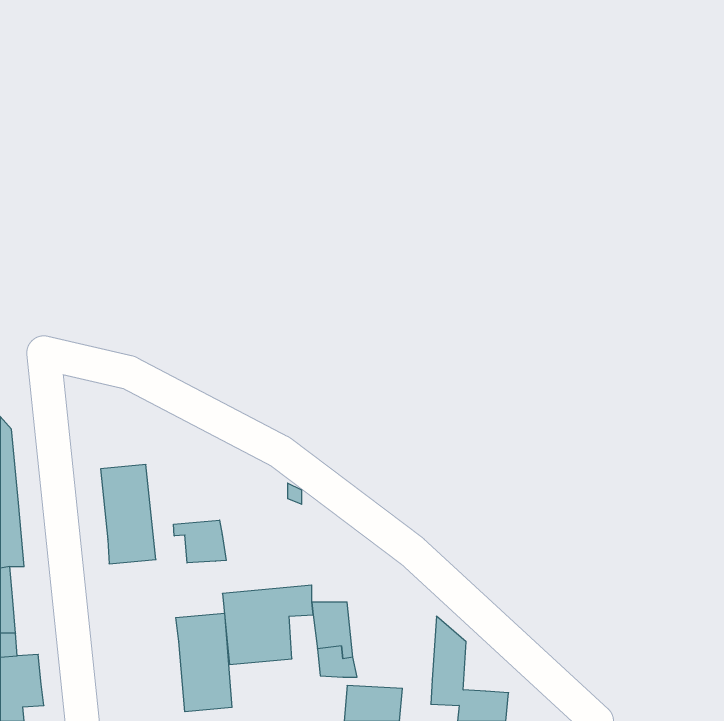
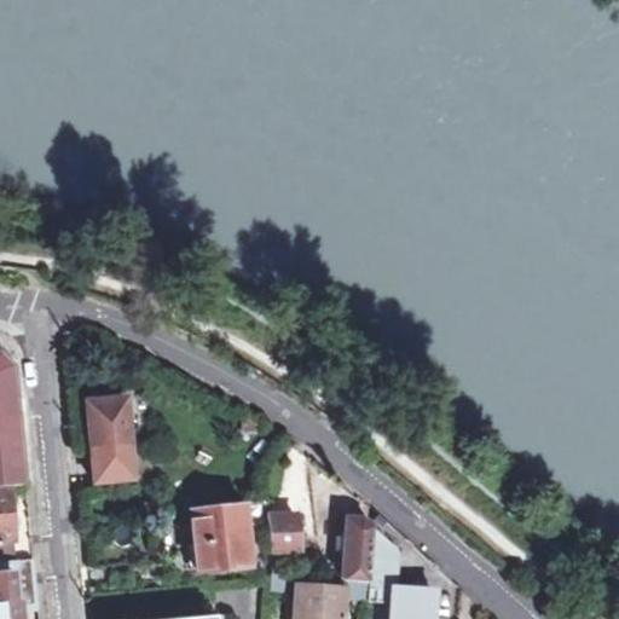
building: [174,520,226,563] -> none
building: none -> [342,516,372,580]
building: [176,613,232,712] -> none

